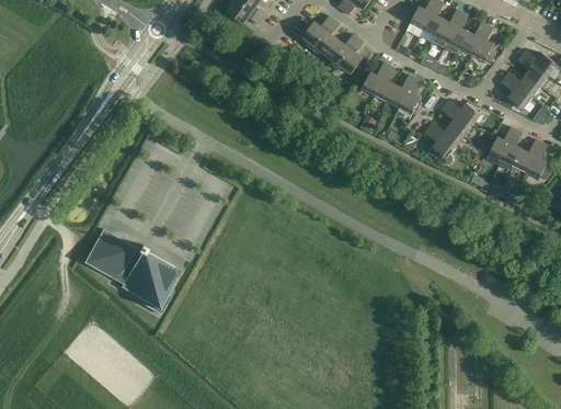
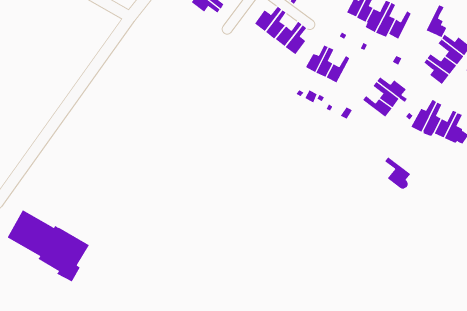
building: [471,24,496,64] -> [426,4,447,38]
building: [398,77,421,115] -> none
building: [424,126,456,164] -> [384,157,411,189]
building: [83,228,181,314] -> [7,210,90,282]

